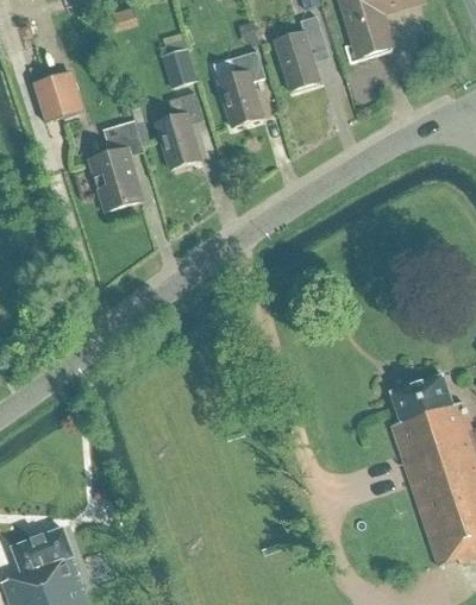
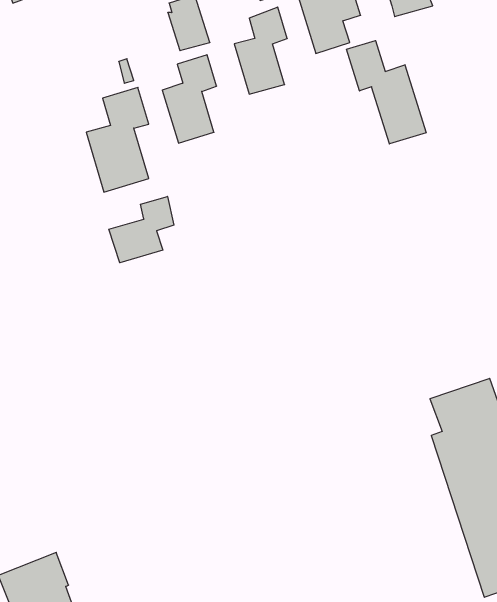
building: [31,70,83,122] -> none
building: none -> [346,41,426,144]
building: none -> [109,196,174,263]

